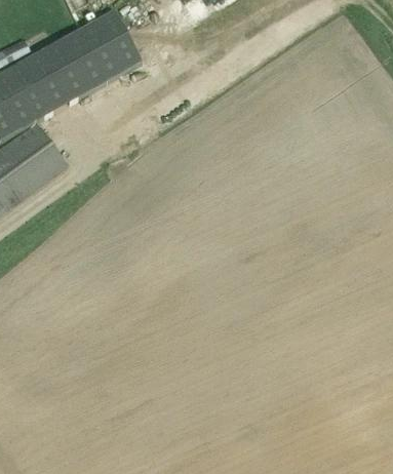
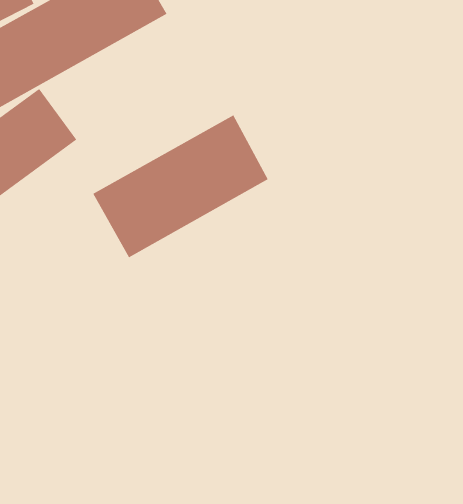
building: none -> [92,115,268,258]

